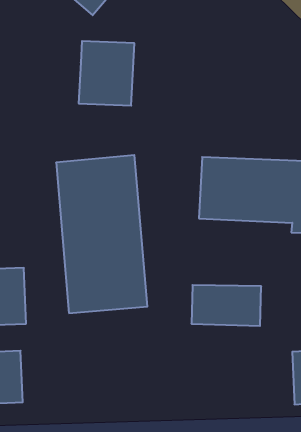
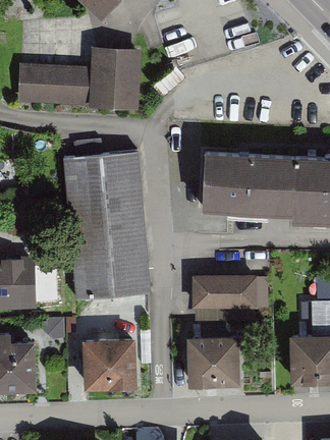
building: none -> [17,61,90,103]
building: none -> [190,338,243,389]
building: none -> [84,342,138,392]

